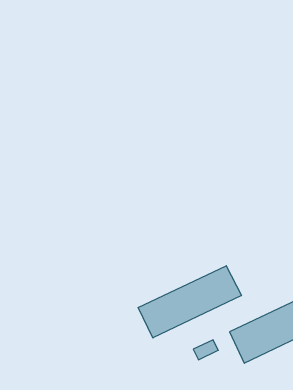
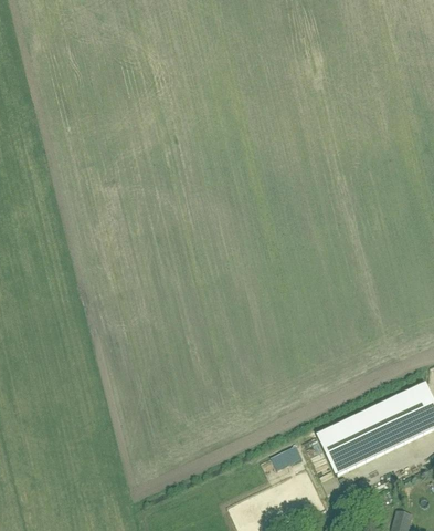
building: [138,266,241,338] -> none

